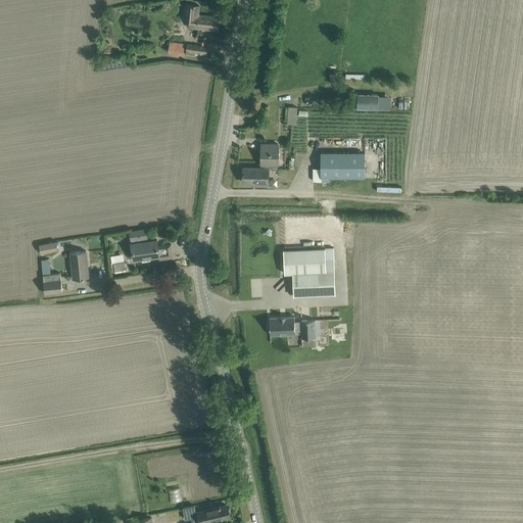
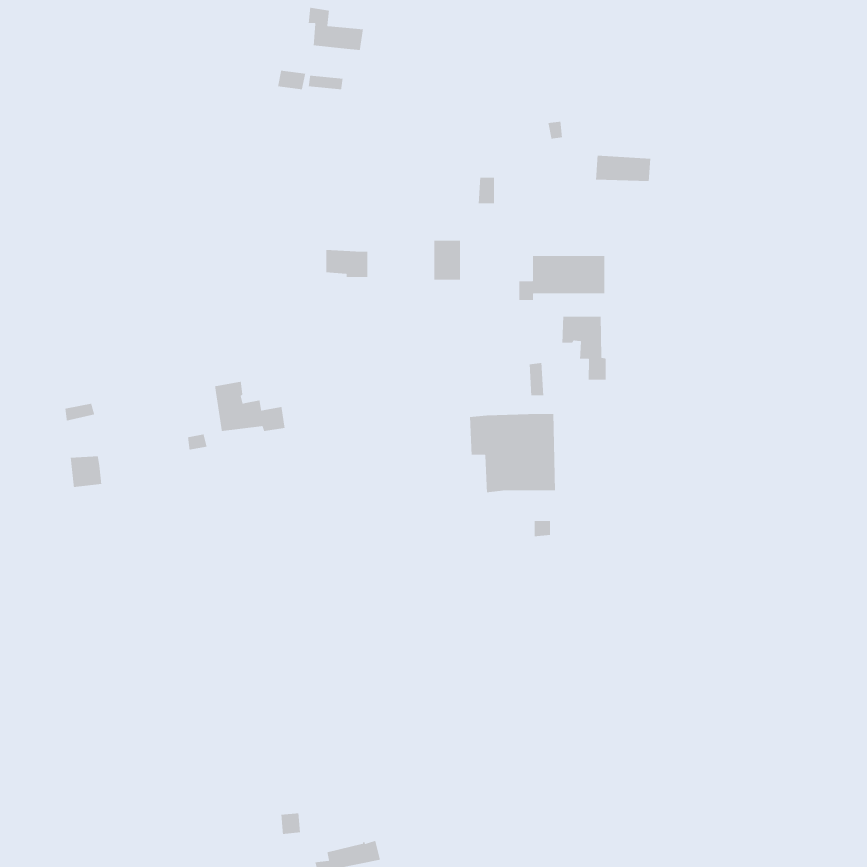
building: [242,169,268,186] -> [326,249,368,278]
building: none -> [561,316,607,381]
building: [69,251,88,280] -> none
building: [267,318,315,340] -> none

